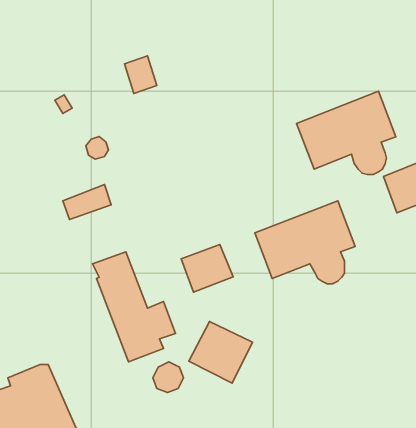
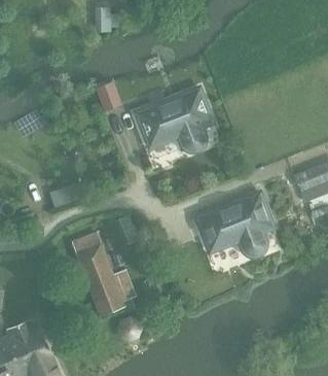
building: [297,91,396,174] -> [137,89,213,152]
building: [181,244,233,292] -> none
building: [189,322,253,383] -> none

